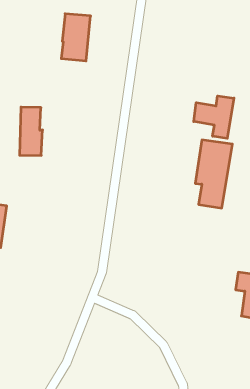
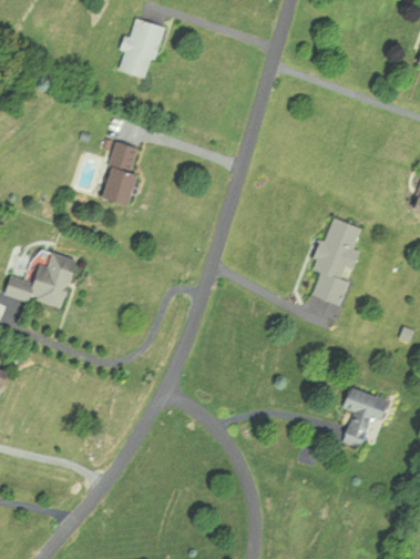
building: [61,14,91,61] -> [121,17,165,79]
building: [194,96,234,138] -> none

